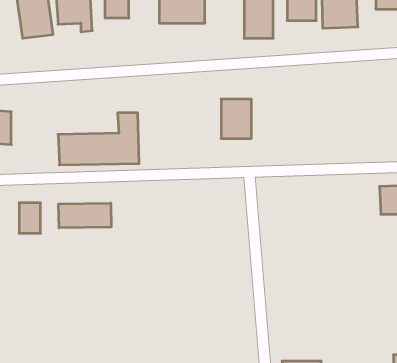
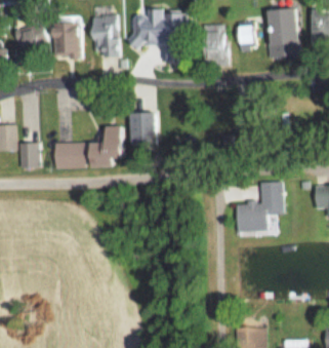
building: [221,99,251,138] -> [129,112,154,144]
building: none -> [237,182,283,230]
building: [19,203,41,233] -> [22,142,39,166]
building: [59,203,111,228] -> none

